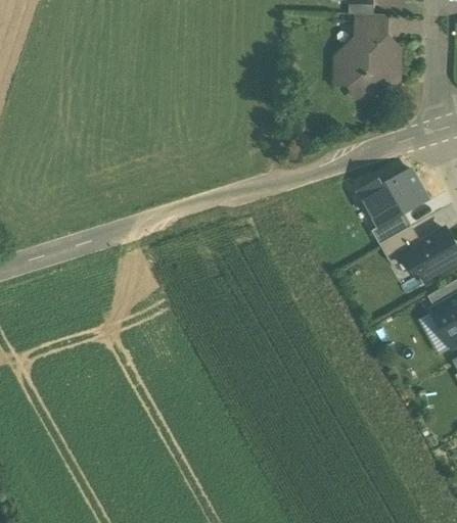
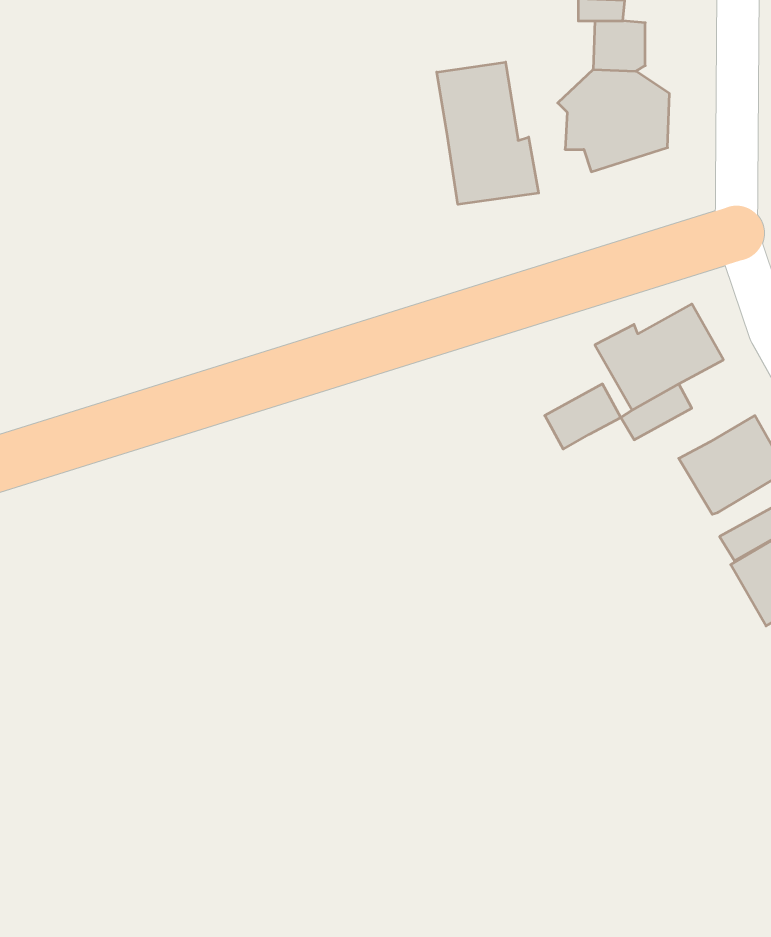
building: none -> [437,62,539,204]
building: [379,225,421,260] -> [545,384,621,449]

